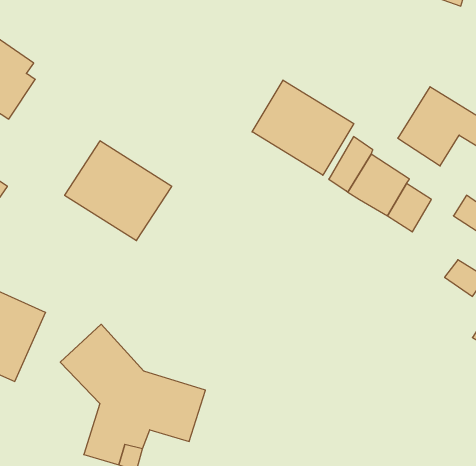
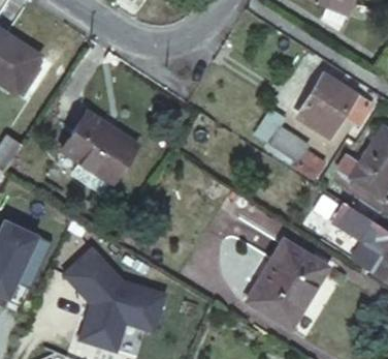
building: [252,80,354,175] -> none
building: none -> [246,241,326,328]

